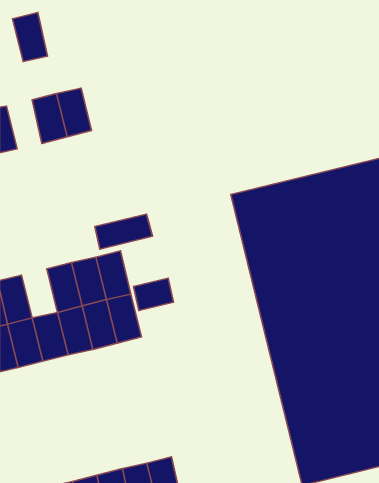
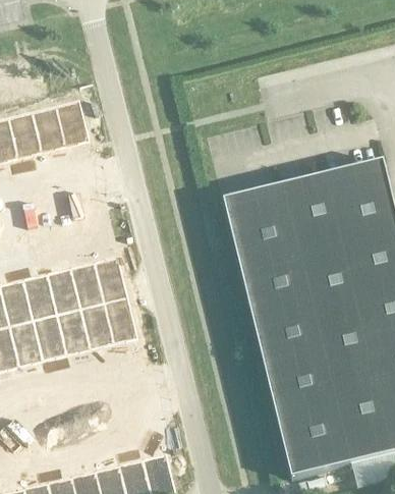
building: [12,13,47,61] -> [8,111,42,158]
building: [95,214,153,249] -> none
building: none -> [22,273,57,320]
building: [133,278,174,311] -> none

